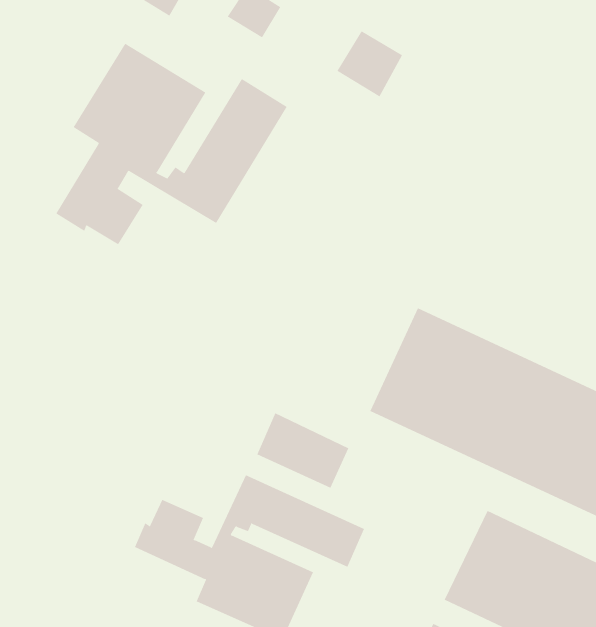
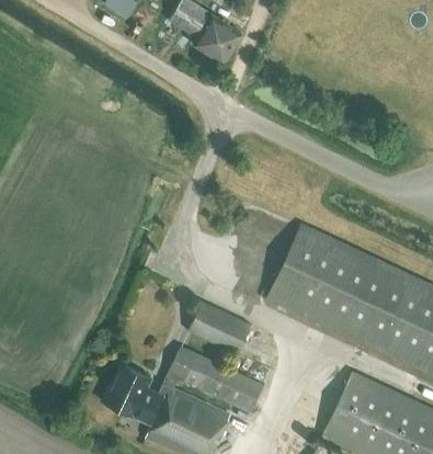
building: [336,30,403,97] -> [193,16,240,64]
building: [56,43,287,245] -> none

